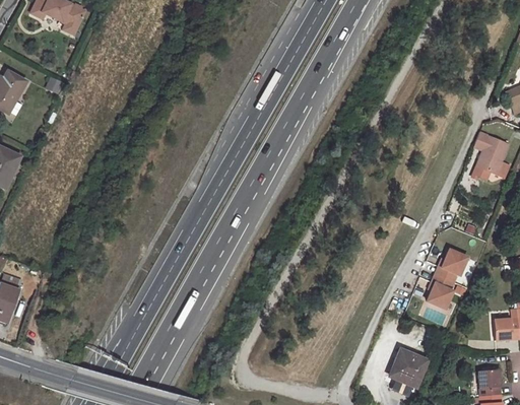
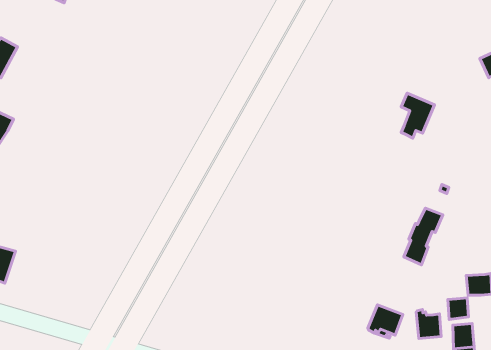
building: [473,131,508,178] -> [401,93,434,138]
building: none -> [448,298,468,319]
building: none -> [416,310,441,338]

